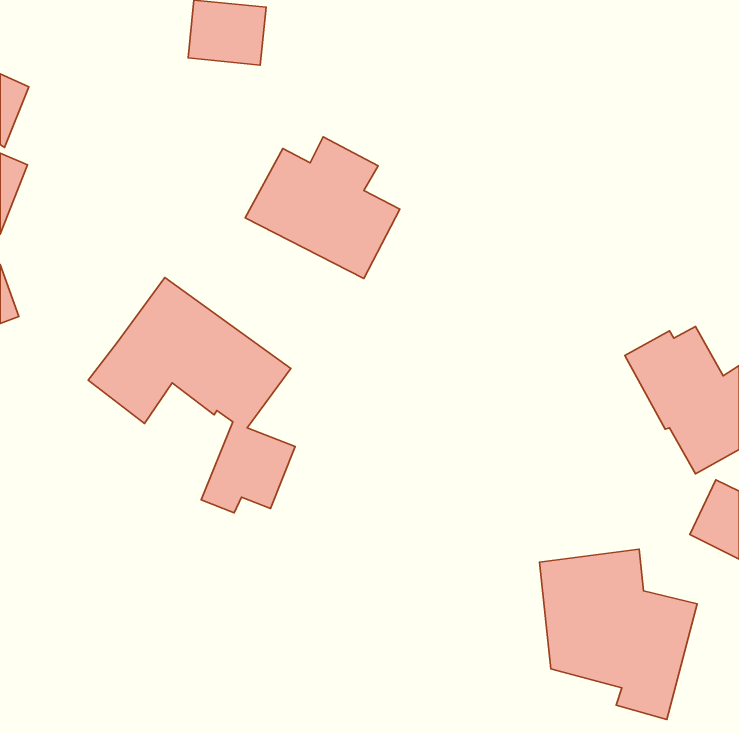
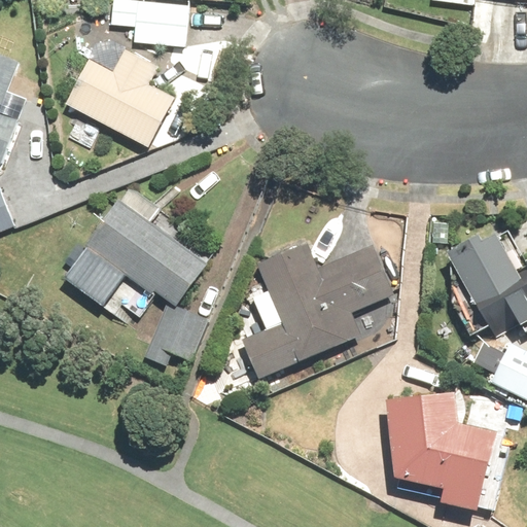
building: [245,137,400,279] -> [65,45,175,146]
building: none -> [240,241,395,378]

